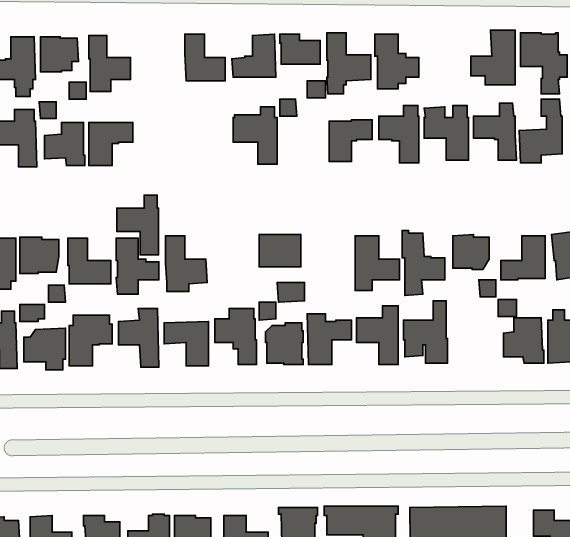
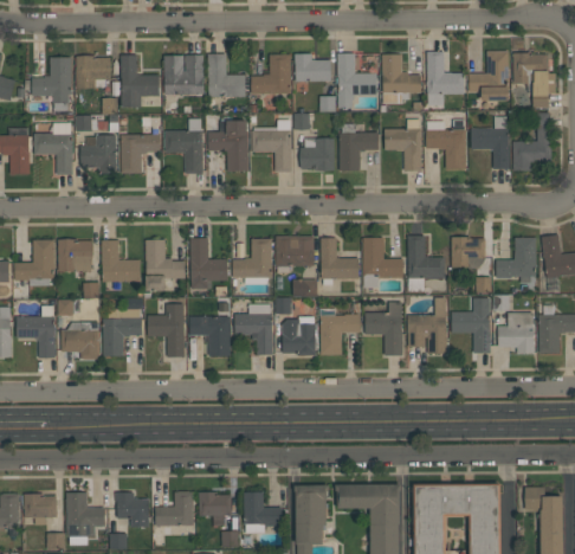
building: none -> [426,51,465,105]
building: none -> [163,56,203,95]
building: none -> [208,121,248,172]
building: none -> [299,138,334,170]
building: [117,195,158,255] -> [164,120,202,174]
building: none -> [232,239,272,284]
building: none -> [321,239,358,285]
building: none -> [451,298,490,354]

